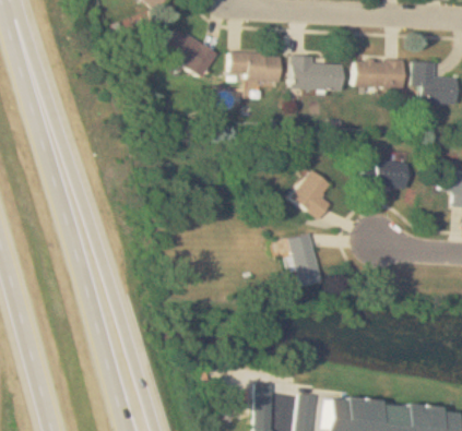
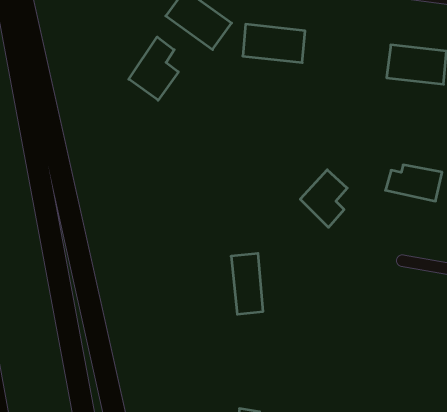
building: [293,59,345,92] -> none
building: none -> [129,37,178,100]
building: [287,235,319,288] -> [231,253,263,314]

